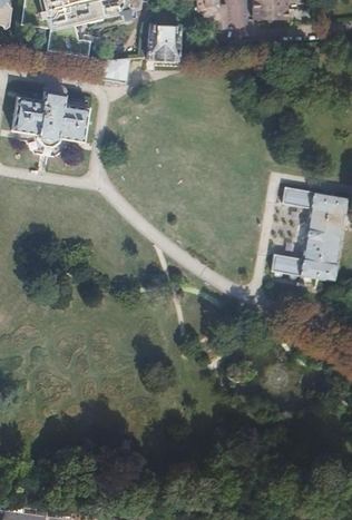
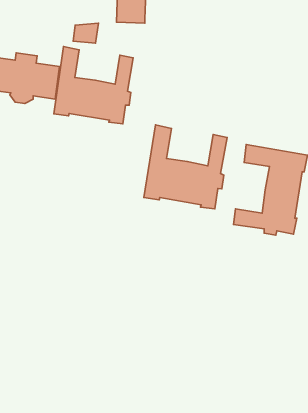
building: none -> [54,46,133,124]
building: none -> [144,125,227,209]

